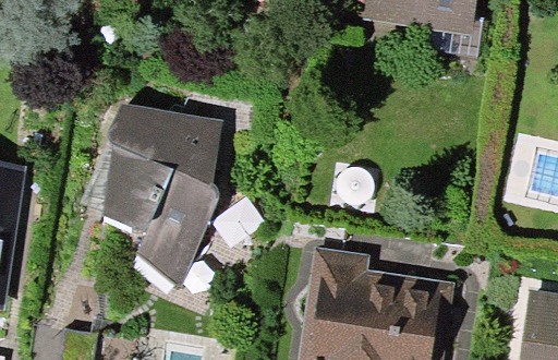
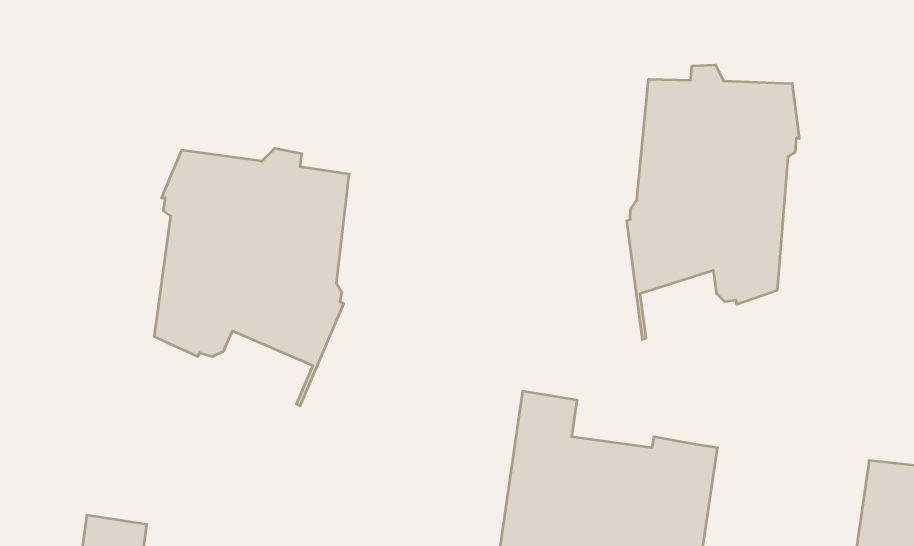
building: none -> [627,65,799,340]

